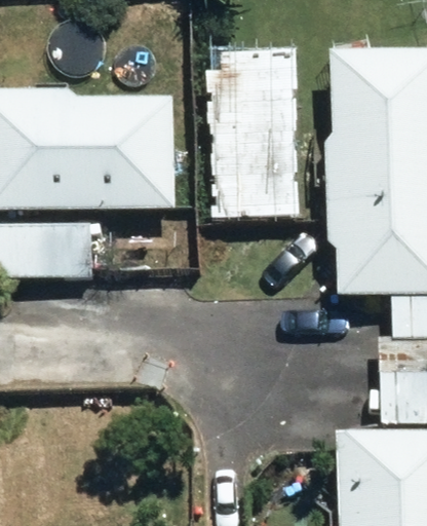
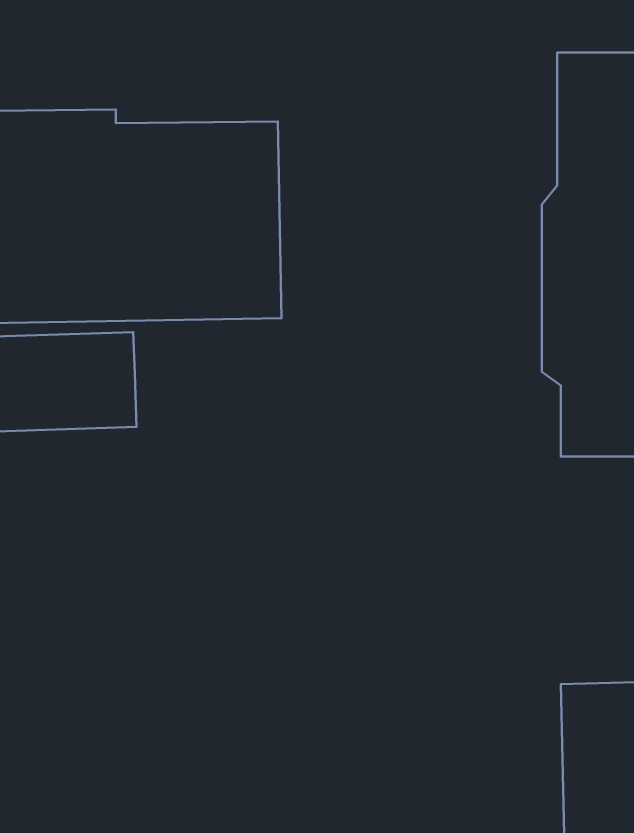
building: [207,44,296,216] -> none

